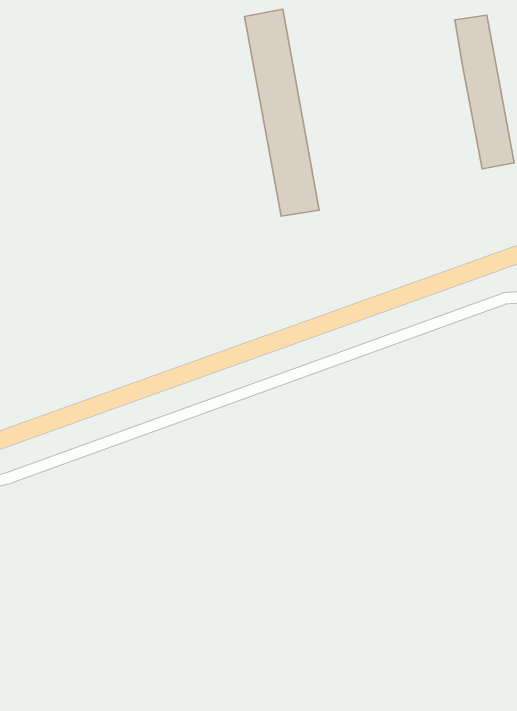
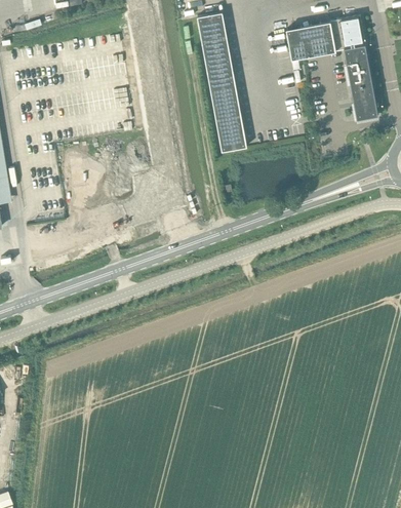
building: none -> [287,19,344,58]

